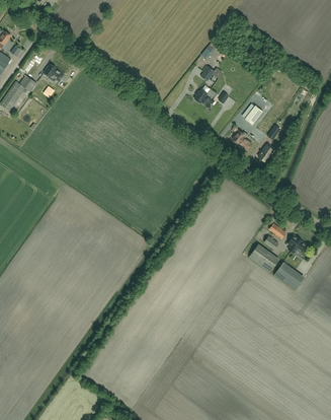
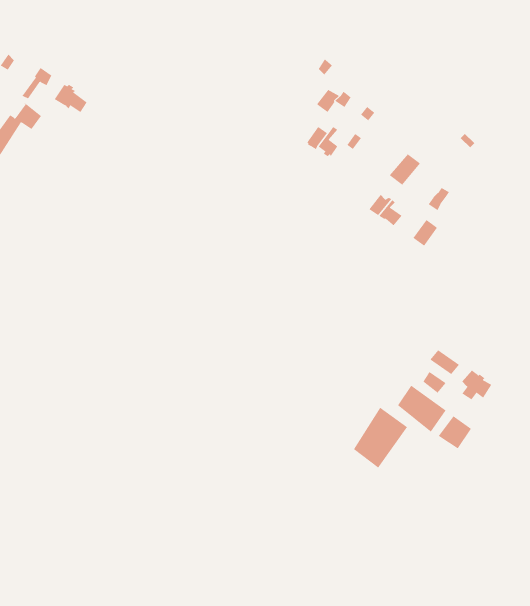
building: none -> [353,407,408,469]

